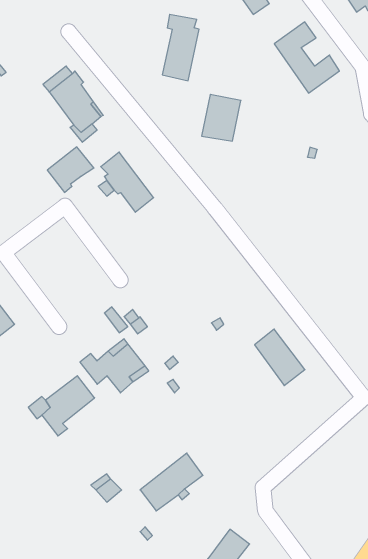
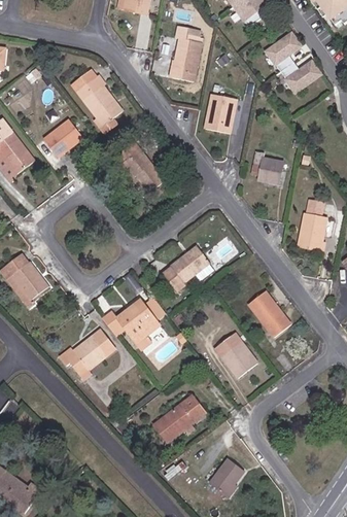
building: [47,147,94,192] -> [43,119,82,158]
building: none -> [250,151,282,184]
building: none -> [298,199,326,251]
building: none -> [162,246,209,291]
building: none -> [213,333,257,378]

